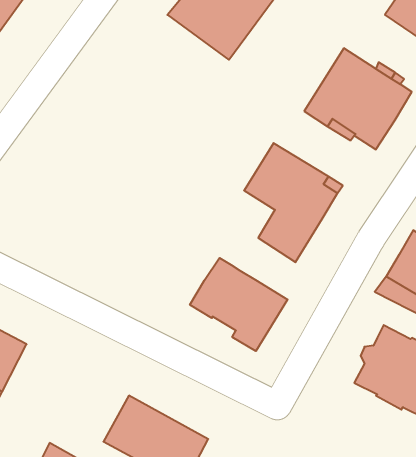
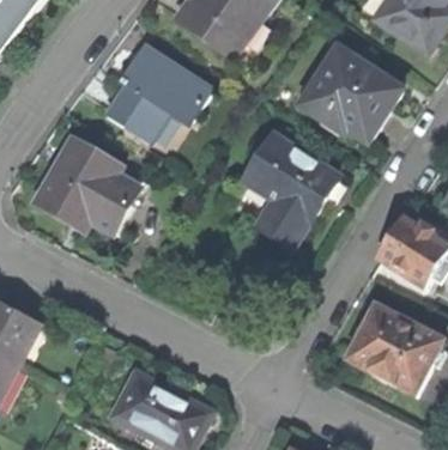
building: none -> [104,47,210,141]
building: none -> [36,139,137,230]
building: [190,258,288,351] -> none

